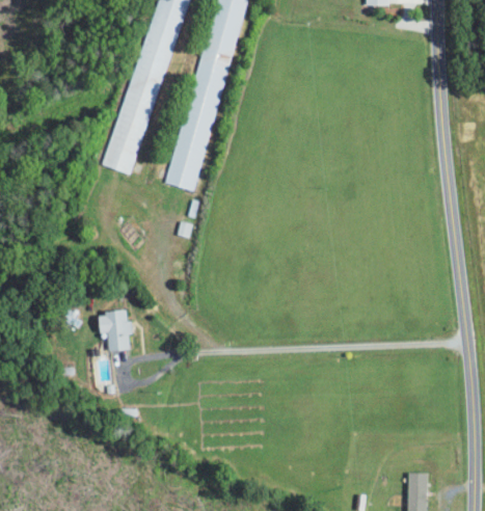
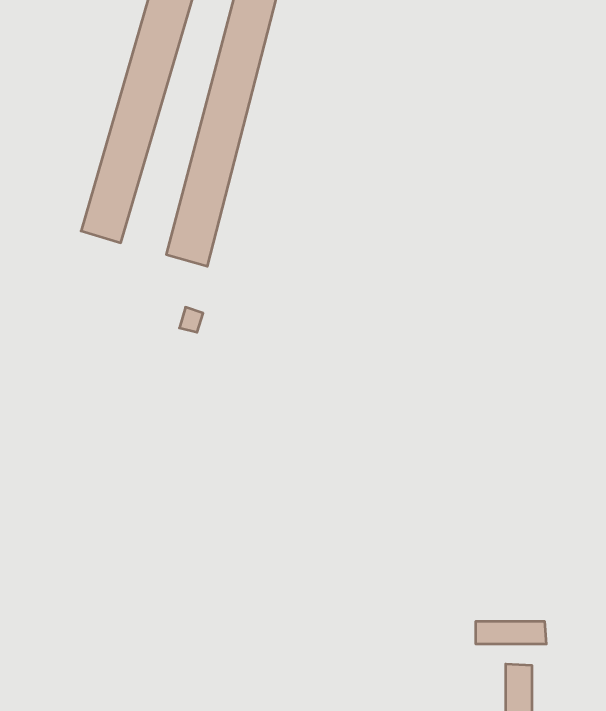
building: [97,312,130,351] -> none
building: none -> [476,621,546,644]

